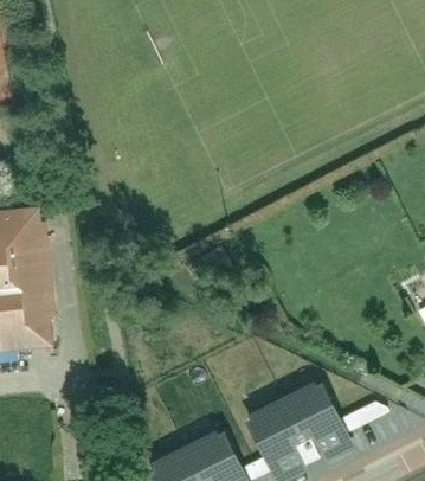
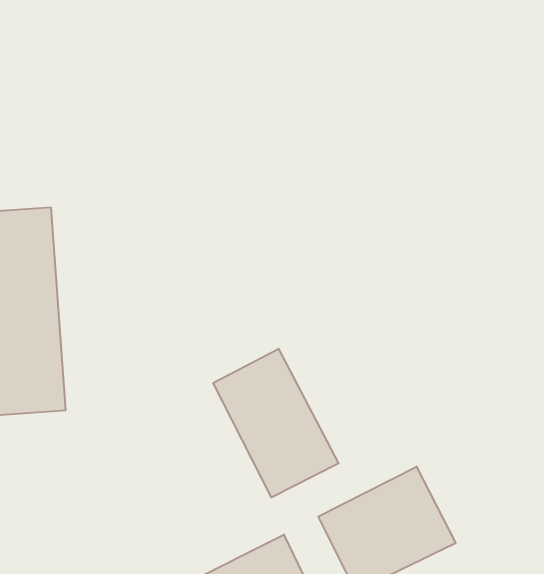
building: none -> [213,349,339,497]

